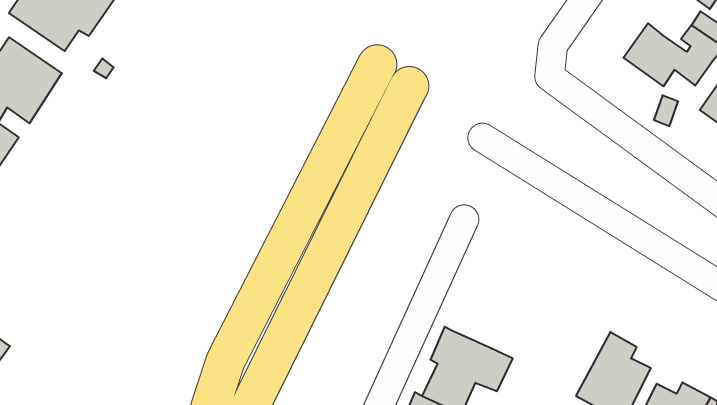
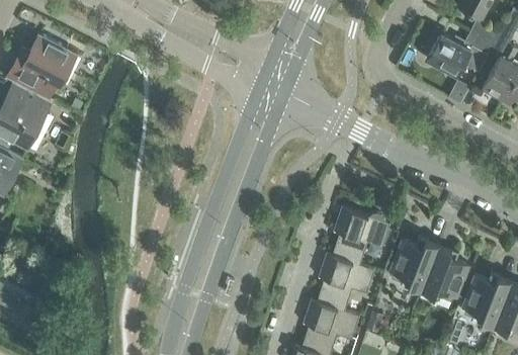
building: none -> [331,209,388,266]
building: none -> [388,239,438,291]

